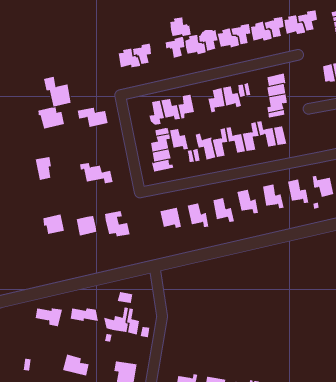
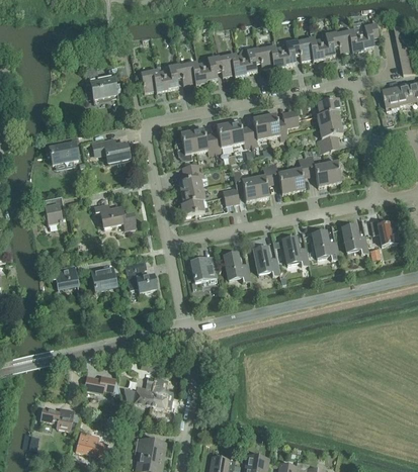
building: [169,17,192,36] -> [180,61,206,84]
building: [43,76,71,107] -> [83,66,116,102]
building: [169,129,189,150] -> [228,121,251,147]
building: [35,308,63,327] -> [40,407,74,430]

